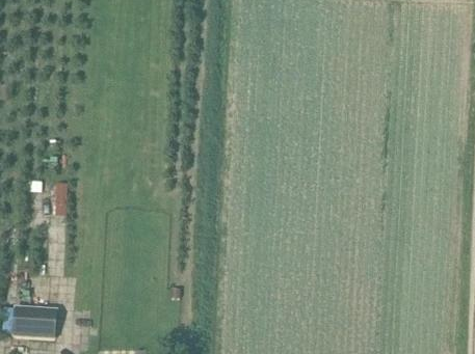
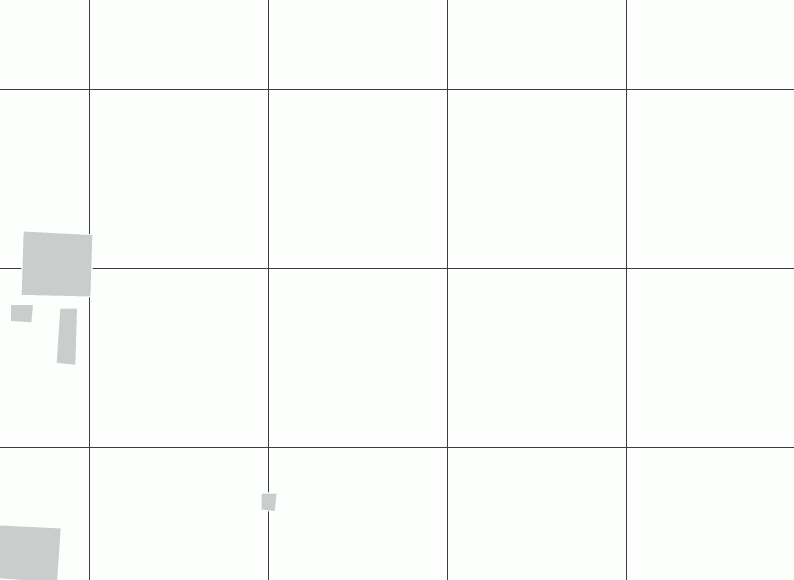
building: none -> [21,231,93,297]

